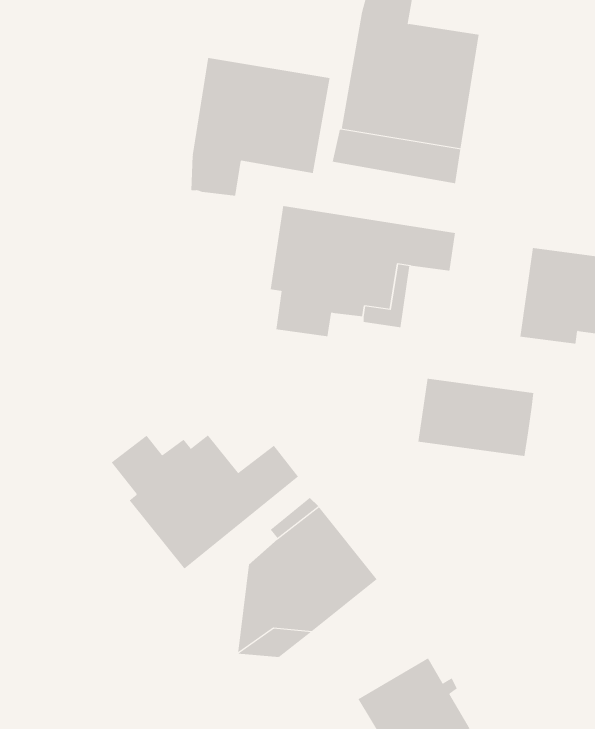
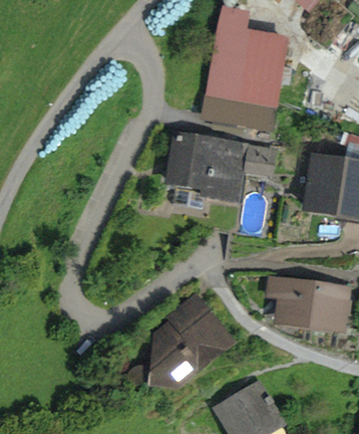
building: [191,57,330,197] -> none
building: [418,378,534,456] -> [279,280,343,323]
building: [111,435,299,570] -> none

